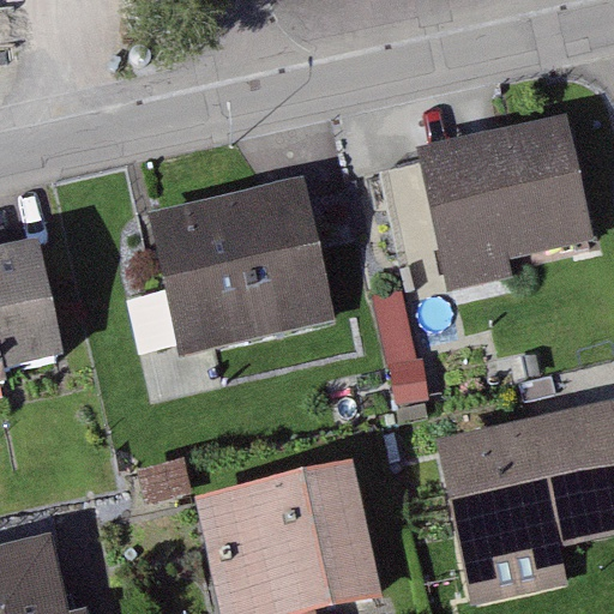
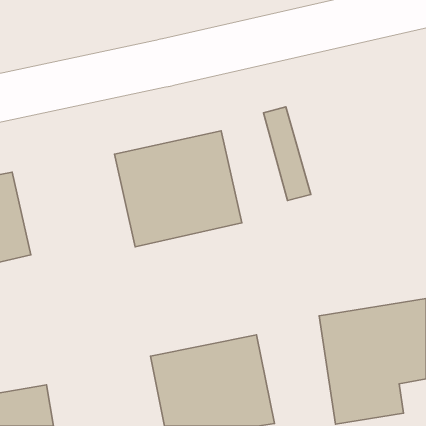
building: [421,125,588,277] -> none

